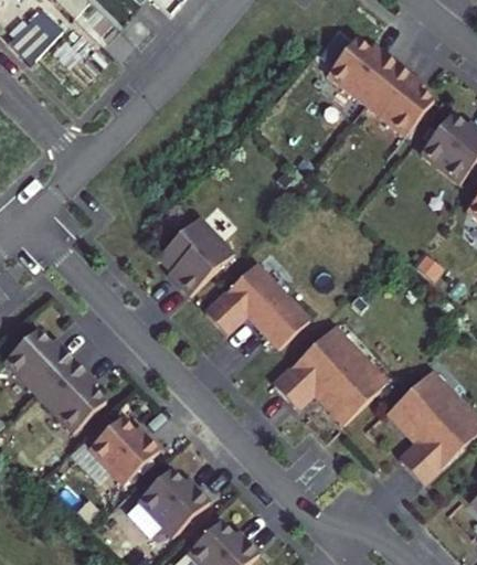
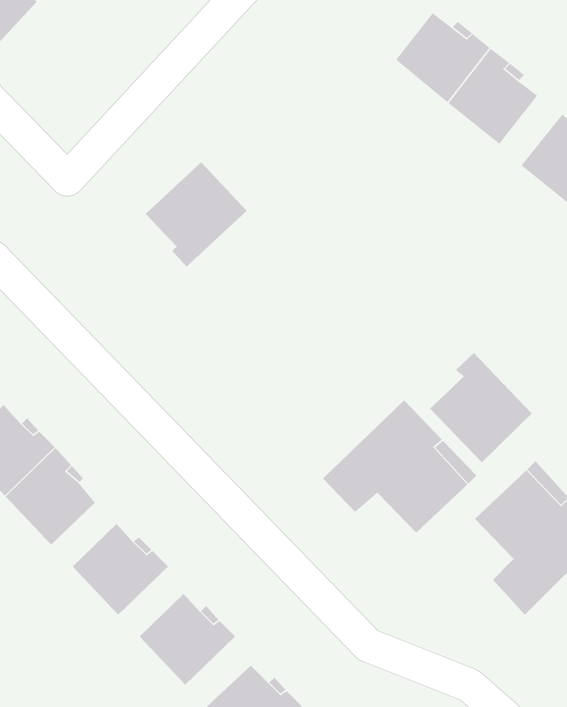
building: [157,216,233,295] -> [145,162,248,267]
building: [203,262,309,348] -> none
building: none -> [429,352,533,463]

